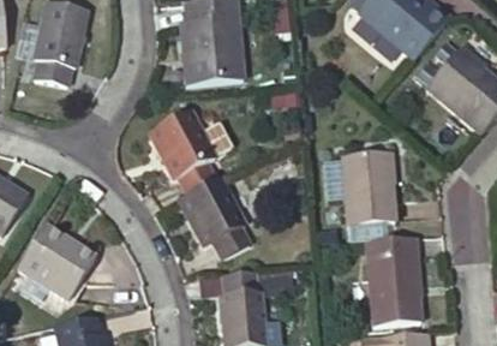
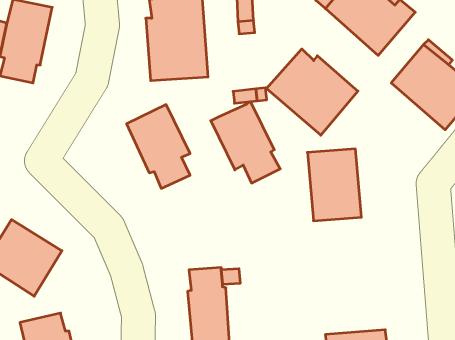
building: none -> [267,49,358,135]
building: [188,177,258,258] -> [211,102,280,183]
building: [366,237,420,327] -> none

